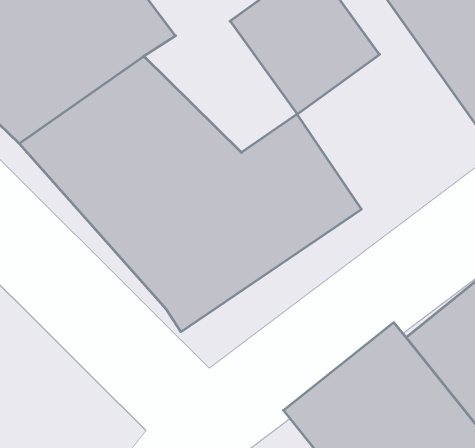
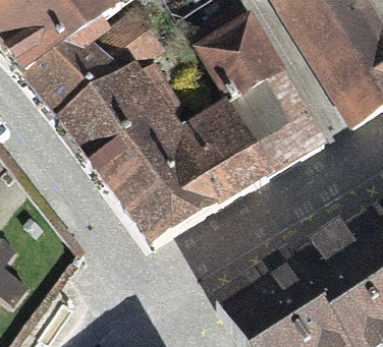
building: none -> [237,78,330,176]

